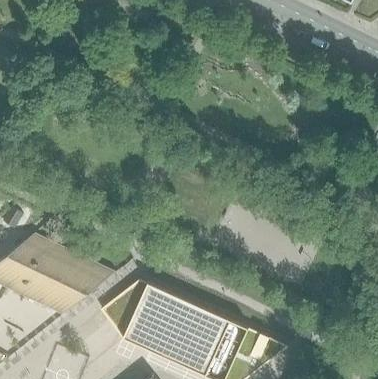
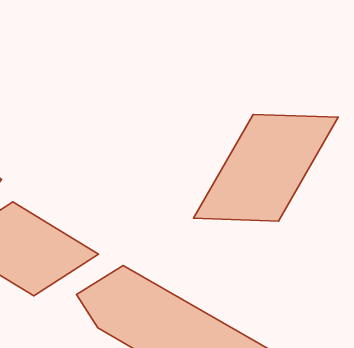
building: none -> [193,115,338,221]

